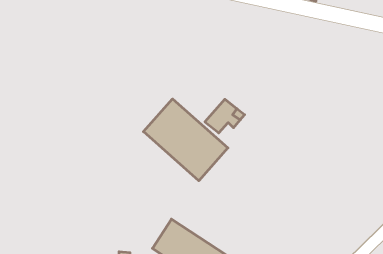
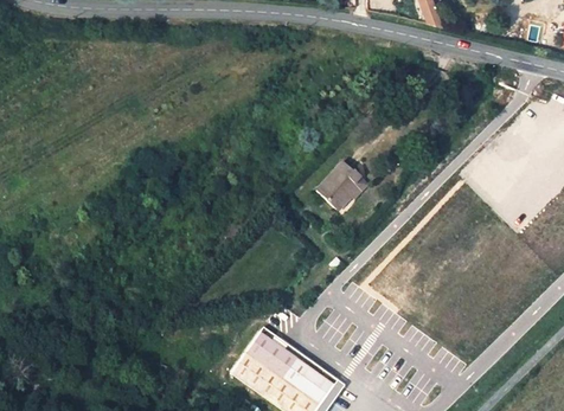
building: [143,99,228,181] -> none

